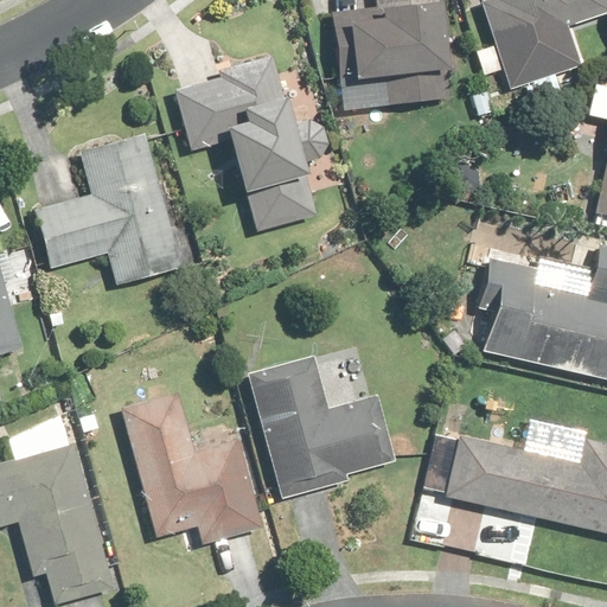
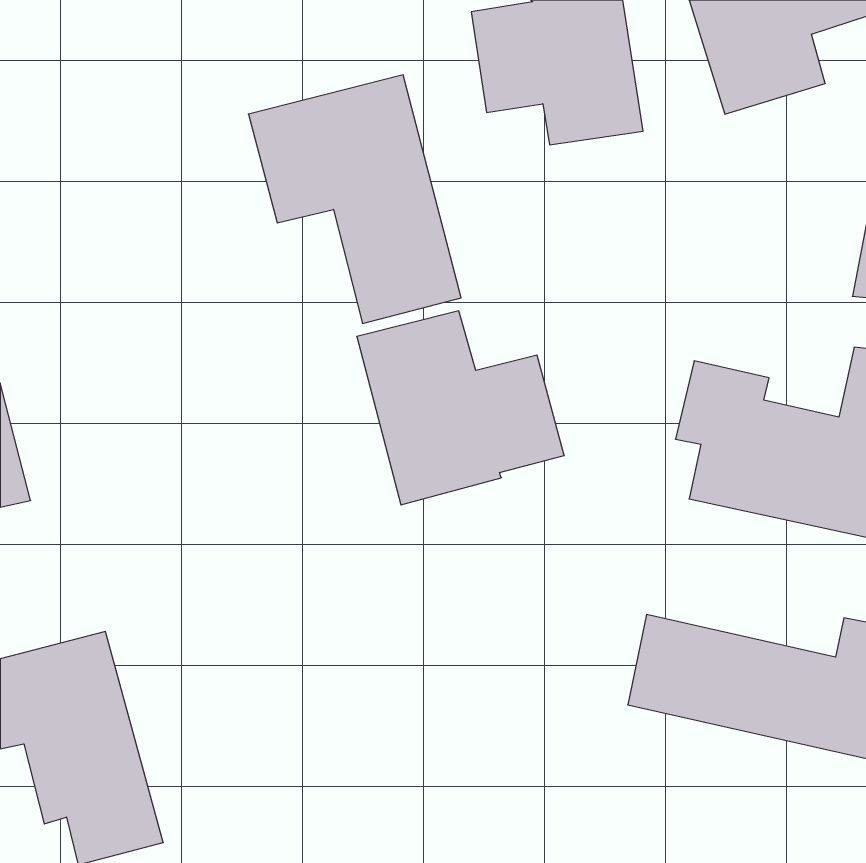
building: [34,132,190,289] -> none
building: [249,362,394,497] -> [357,311,564,505]
building: [120,389,270,544] -> none

